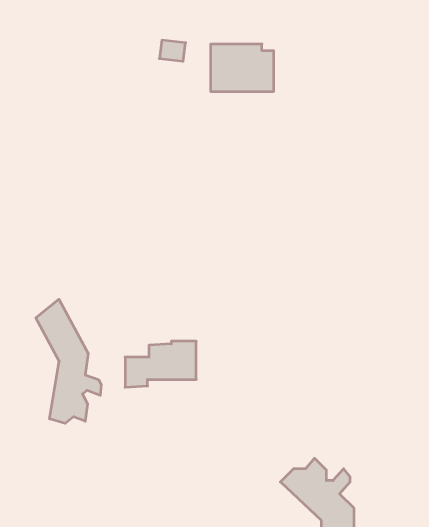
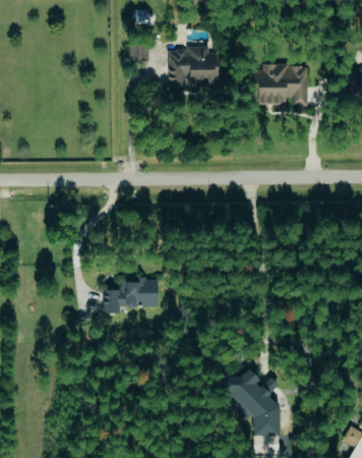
building: none -> [253,63,307,105]
building: [36,299,101,423] -> none

